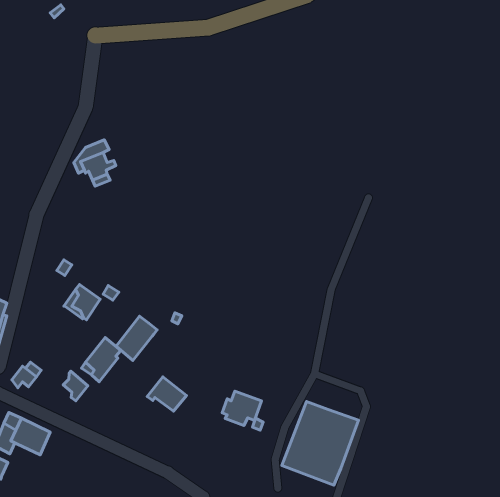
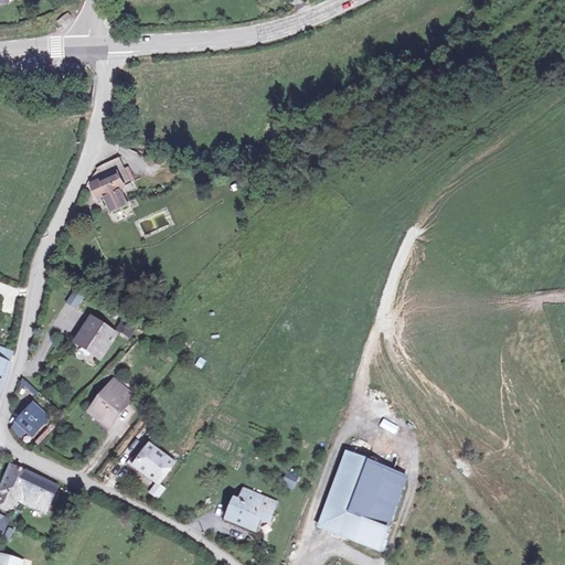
building: [116,316,157,361] -> none
building: [63,371,88,401] -> none
building: [147,377,186,411] -> [129,443,173,481]
building: [222,391,261,426] -> [231,489,275,527]

